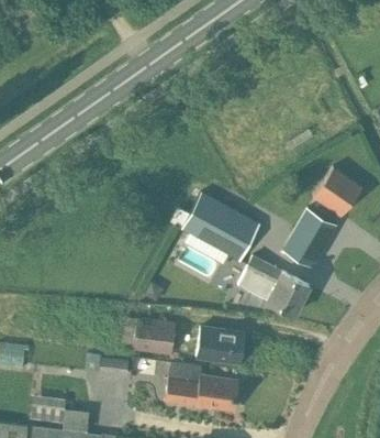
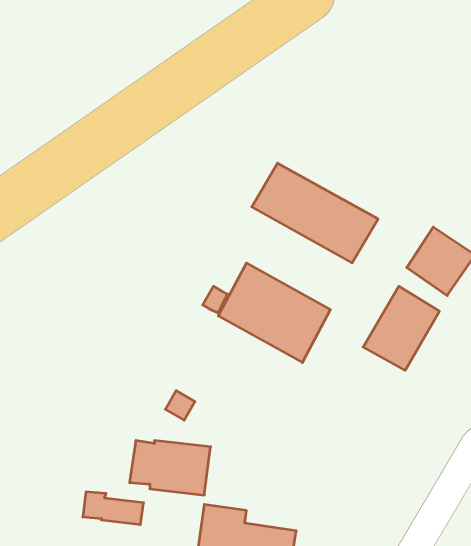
building: none -> [252,163,378,263]
building: [237,256,309,314] -> none
building: [195,328,244,363] -> none

